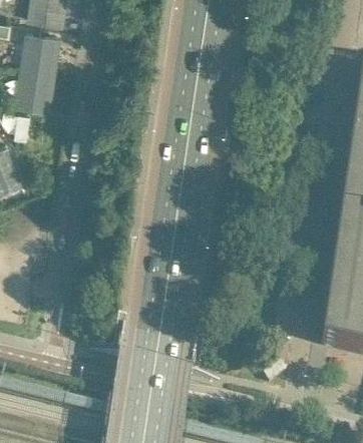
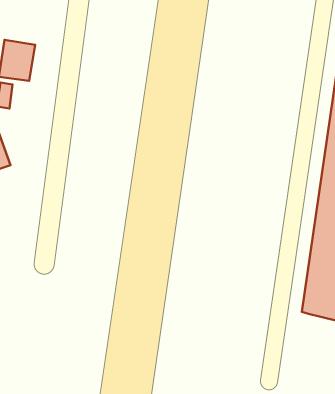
building: [21,36,57,77] -> none

